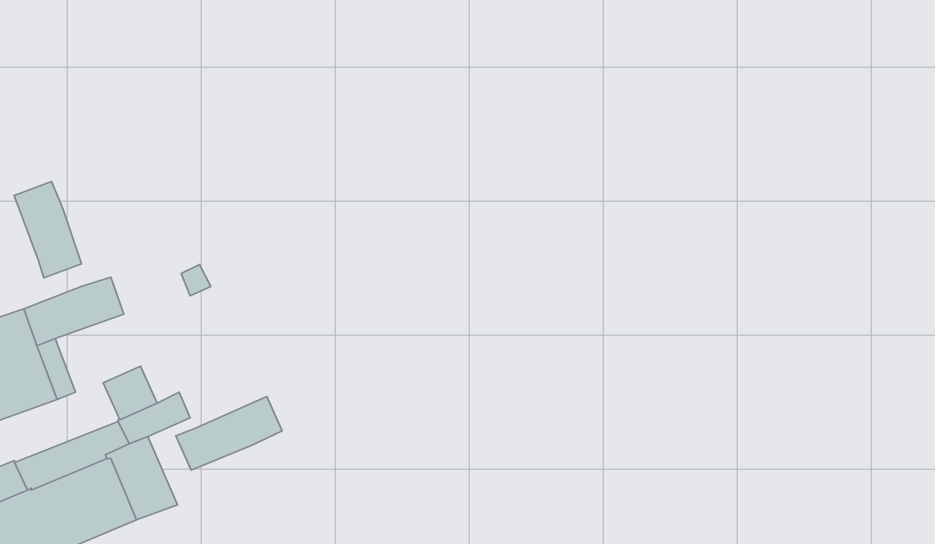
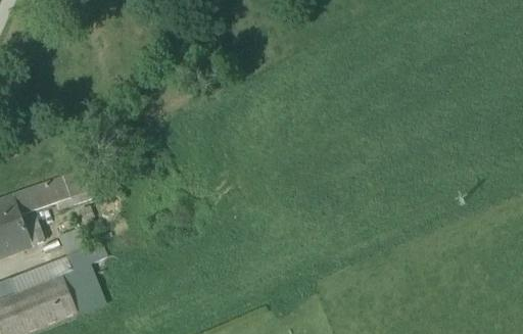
building: [14,181,81,278] -> none
building: none -> [62,170,94,204]
building: [176,397,282,470] -> none

